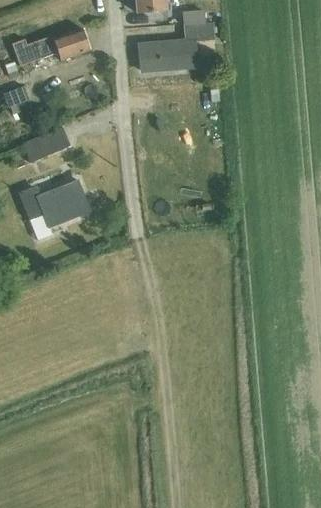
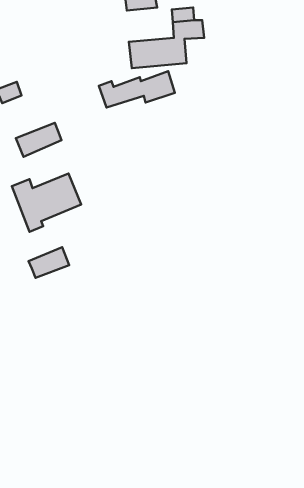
building: [12,28,90,65] -> [99,71,175,107]
building: none -> [29,247,69,278]

